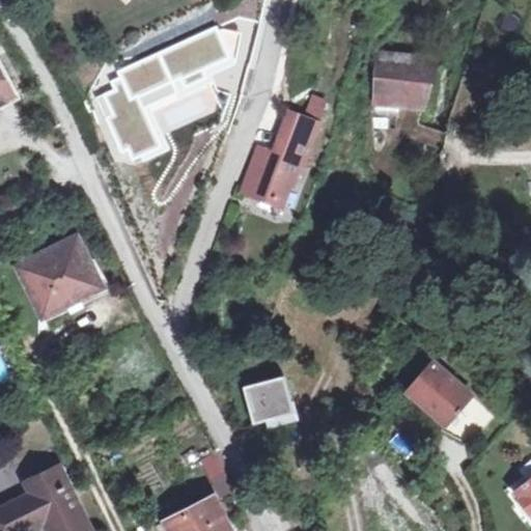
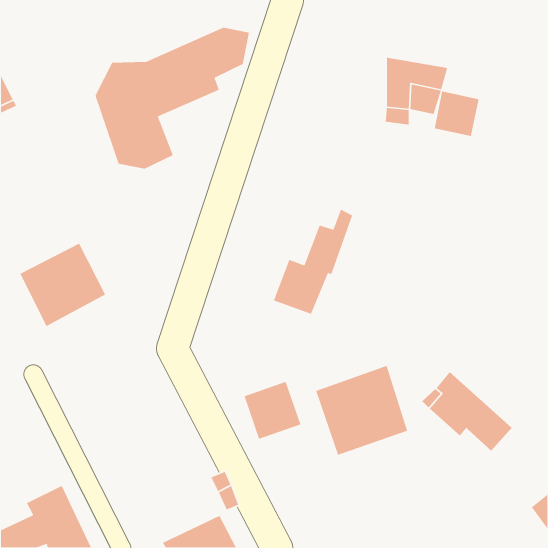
building: none -> [434,91,479,137]
building: [242,97,319,200] -> [273,209,353,315]
building: none -> [315,365,408,456]

